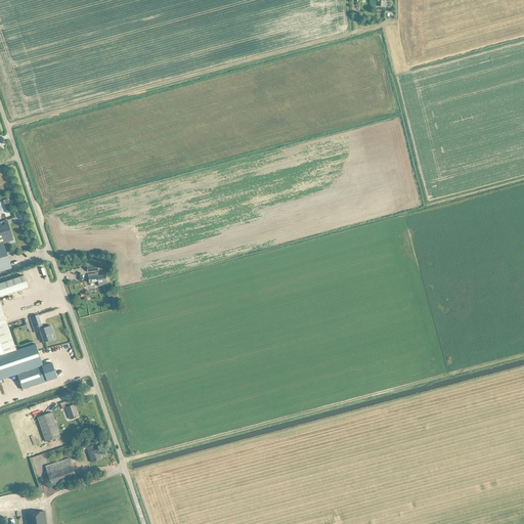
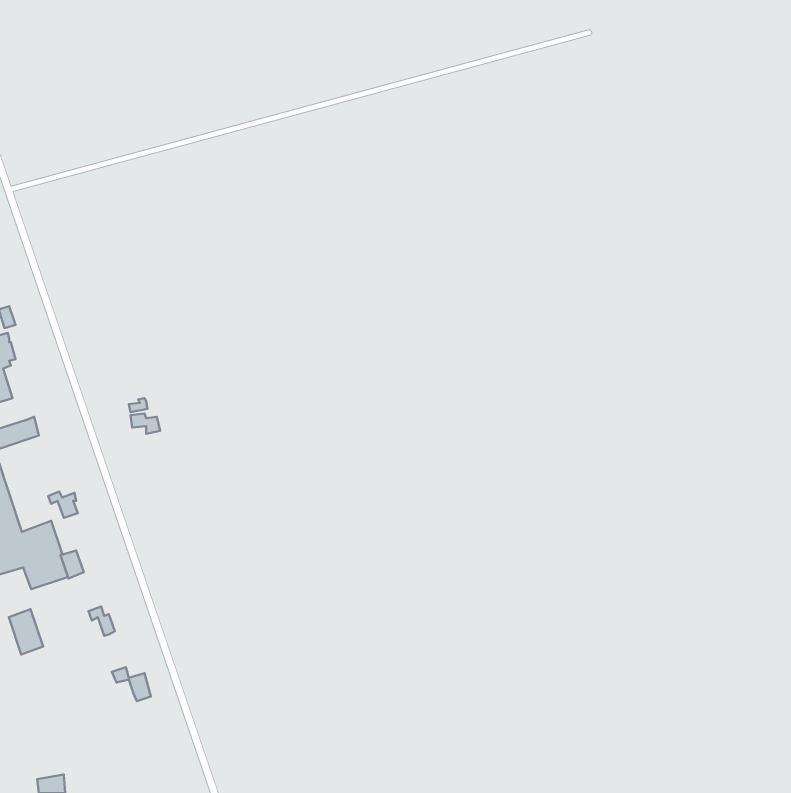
building: [36,411,58,441] -> [9,609,43,654]
building: [43,456,74,485] -> none

